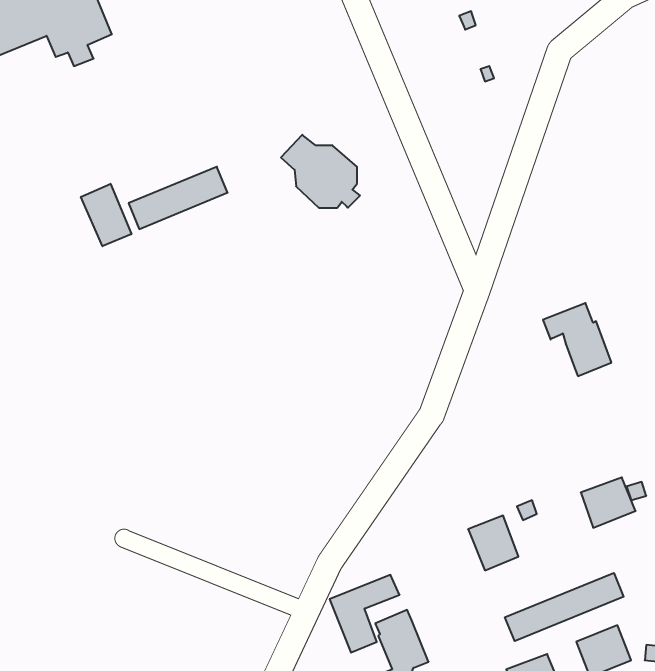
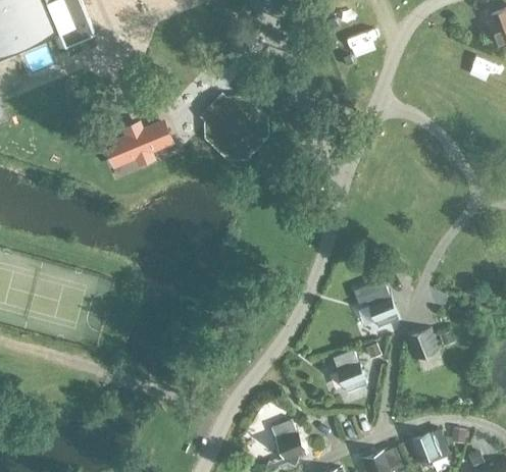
building: [81,184,131,246] -> none
building: [543,303,611,376] -> [352,279,398,328]
building: [505,573,624,641] -> none

